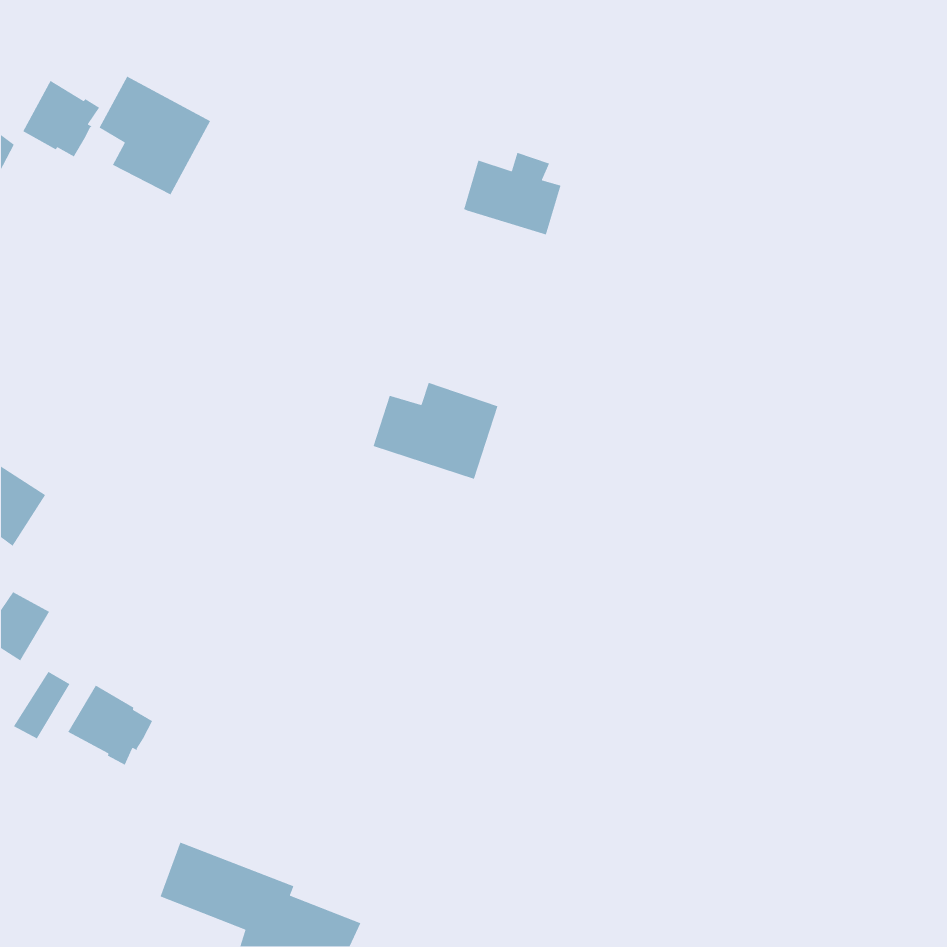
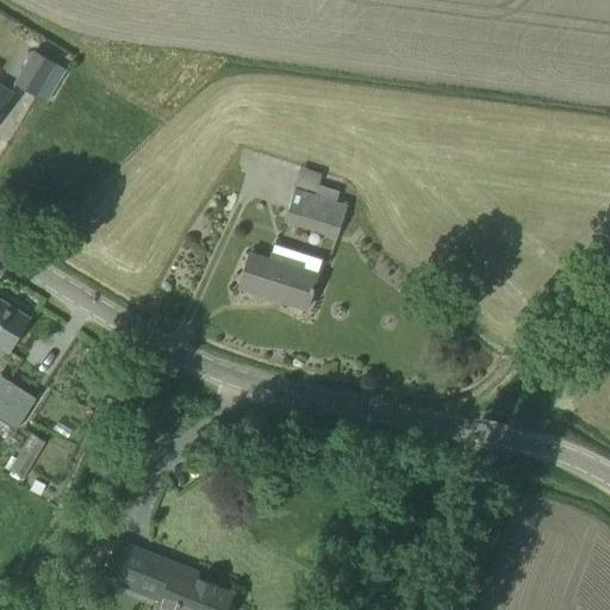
building: [99,76,211,196] -> none
building: [463,152,561,235] -> [284,185,347,238]
building: [67,685,153,766] -> none

